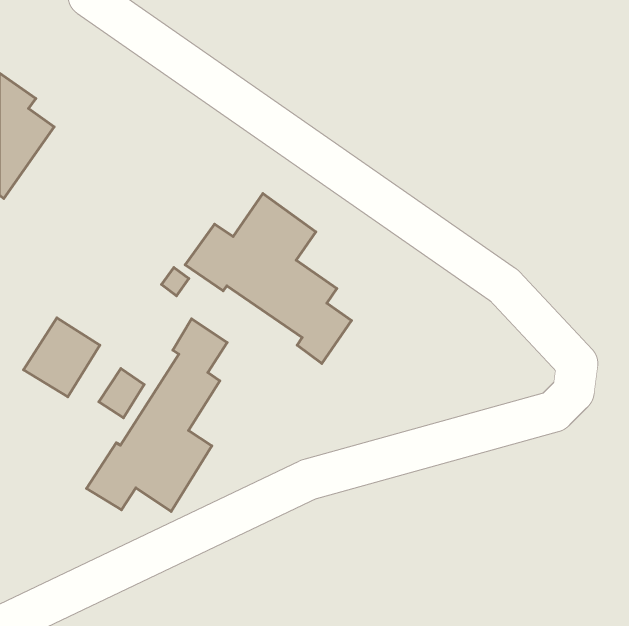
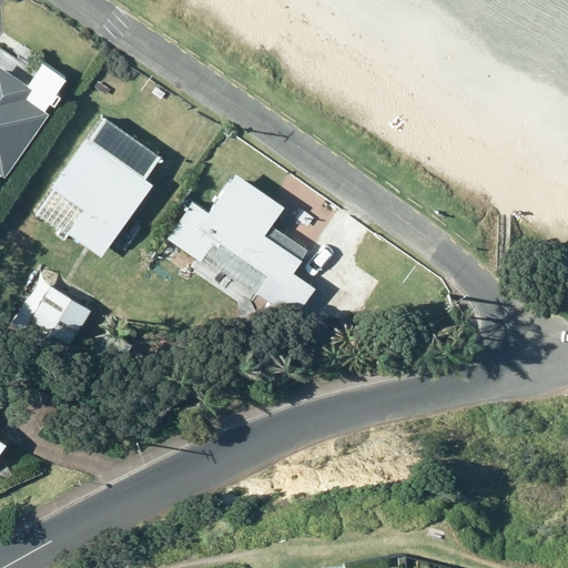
building: none -> [36,118,158,257]
building: [86,319,227,512] -> none

